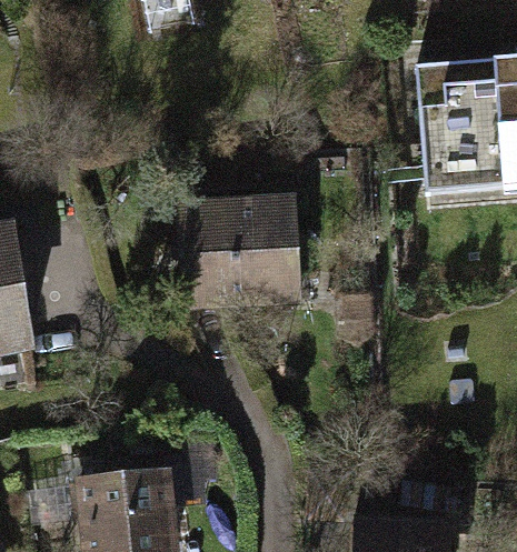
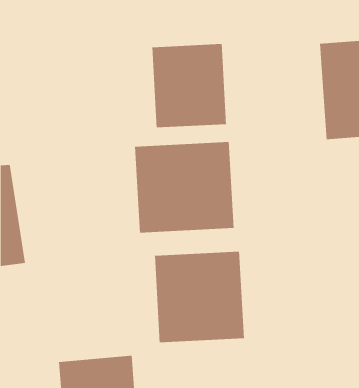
building: none -> [152,43,226,128]
building: none -> [155,251,244,343]

